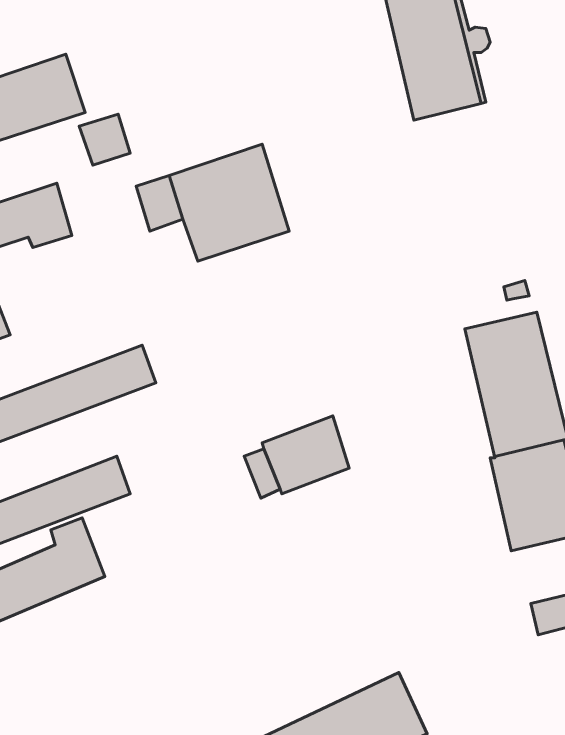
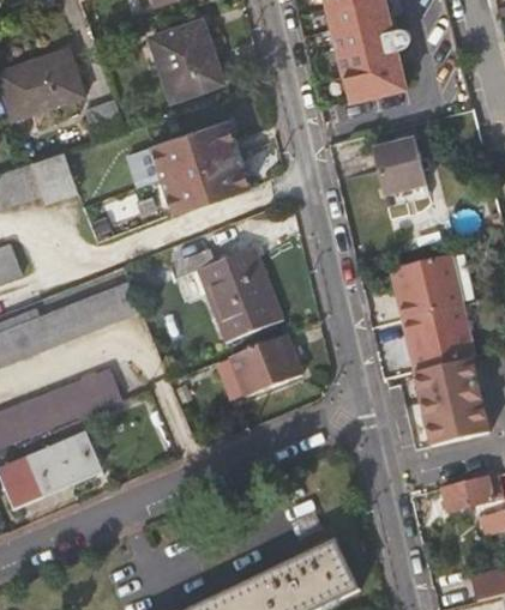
building: none -> [150,20,222,101]
building: none -> [372,139,426,197]
building: none -> [182,247,284,343]

